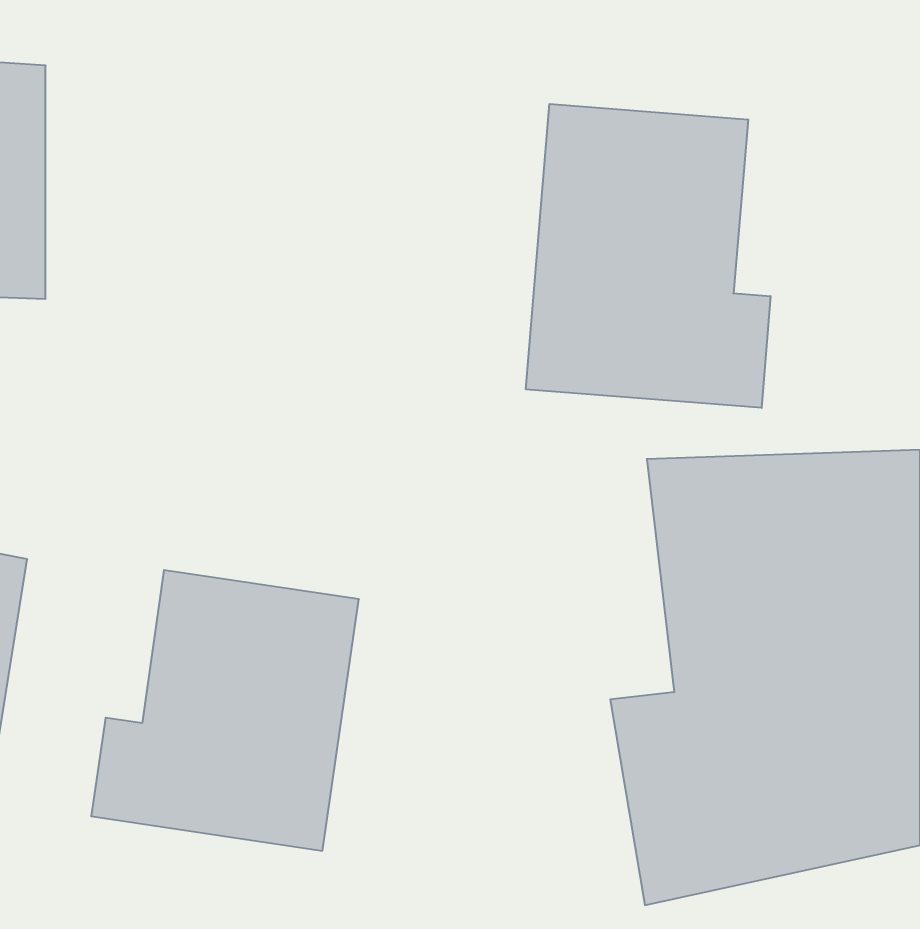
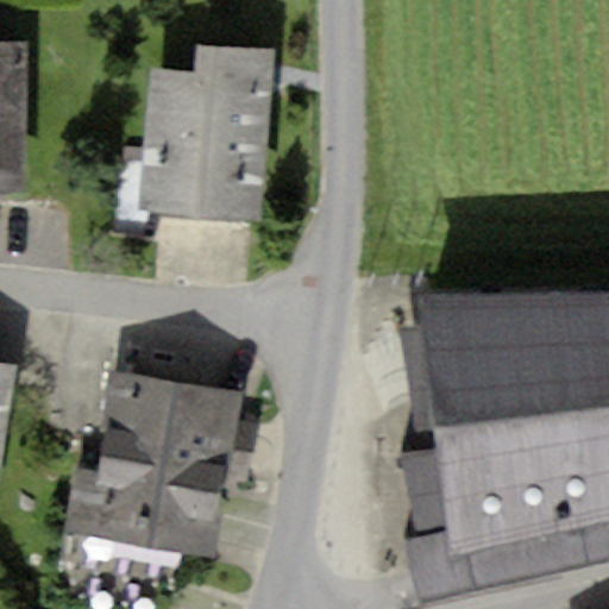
building: none -> [143,48,275,220]
building: [526,104,771,408] -> none

